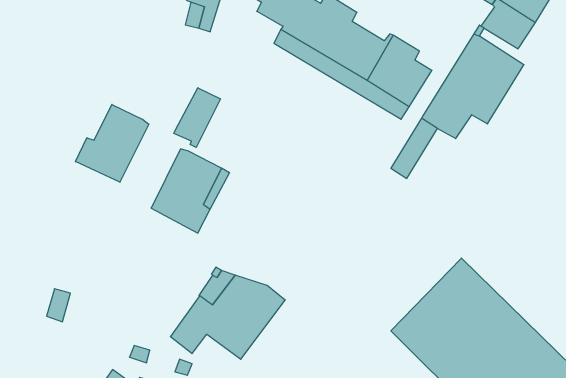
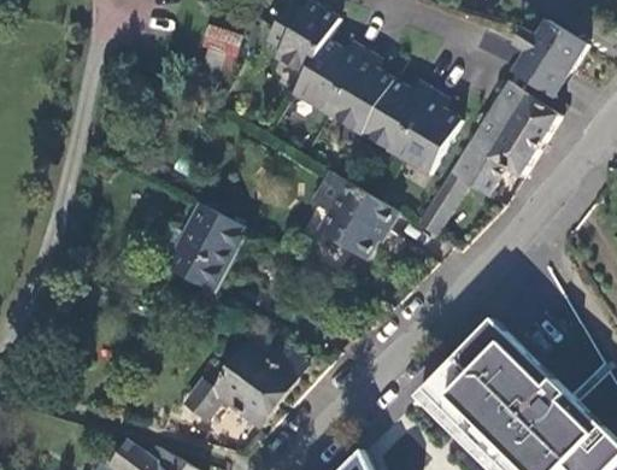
building: [174,88,221,147] -> none
building: [75,104,149,182] -> none
building: none -> [315,180,400,260]

